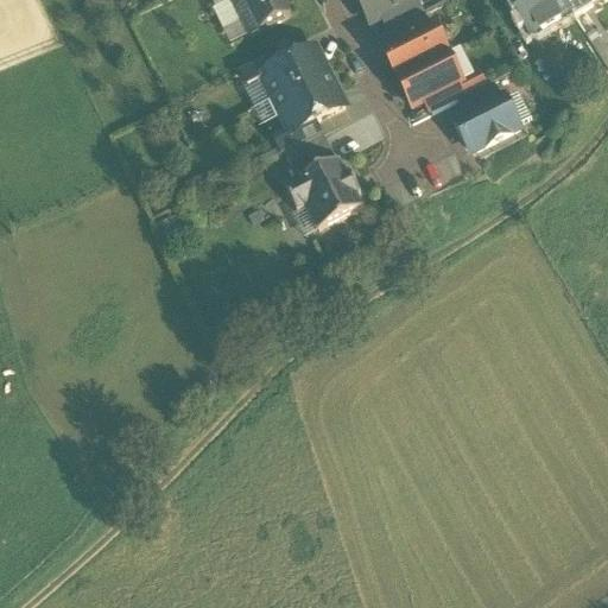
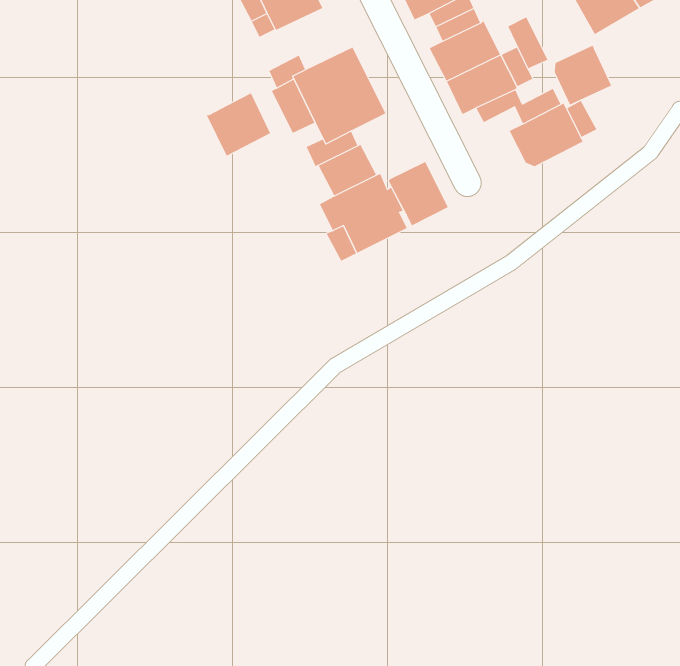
building: none -> [507,16,548,69]
building: none -> [554,45,612,105]
building: none -> [206,93,271,156]
building: none -> [389,161,449,226]

